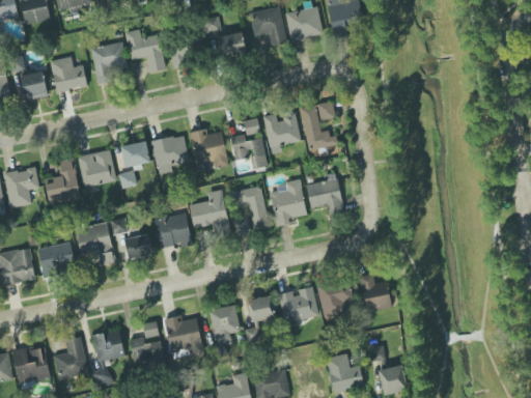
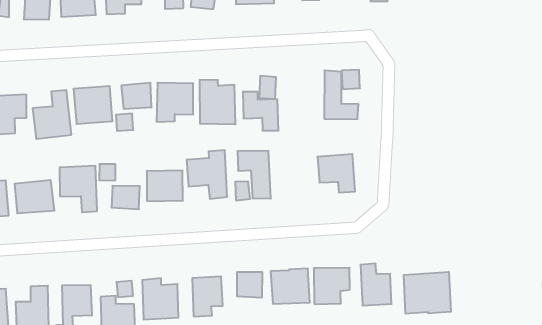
building: [263,113,301,153] -> none
building: [270,178,307,226] -> none
building: none -> [404,272,451,314]

